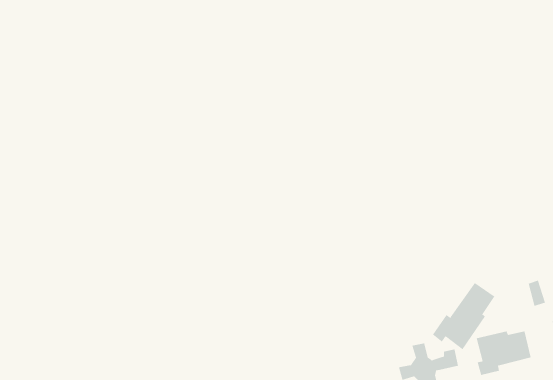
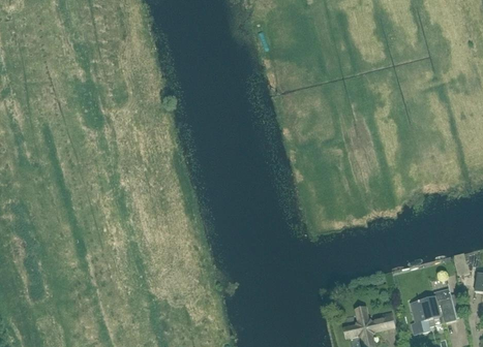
building: [432,282,495,350] -> none

